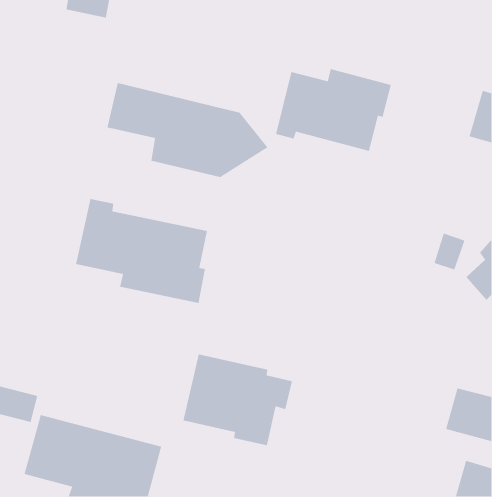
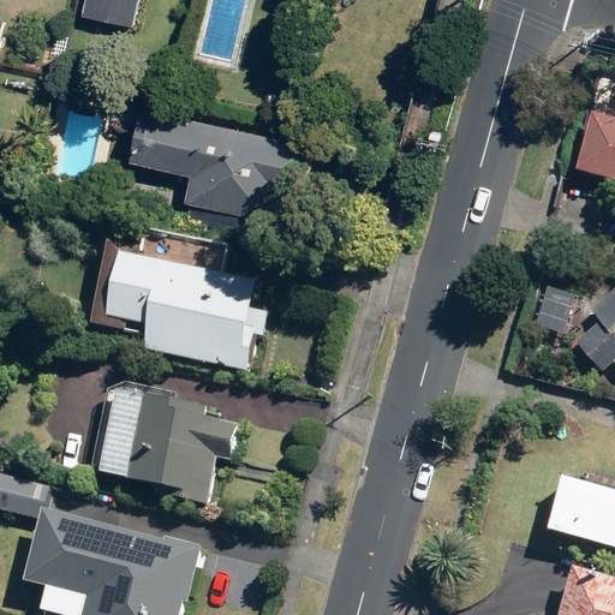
building: [275,68,392,152] -> none
building: [182,354,293,446] -> [102,392,238,506]

